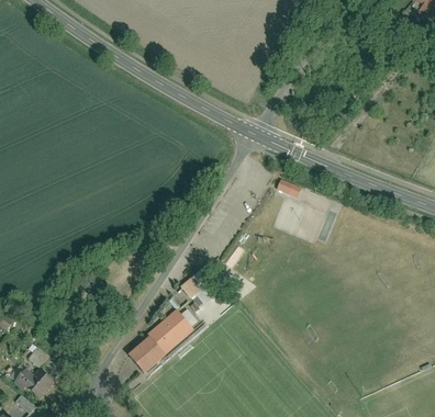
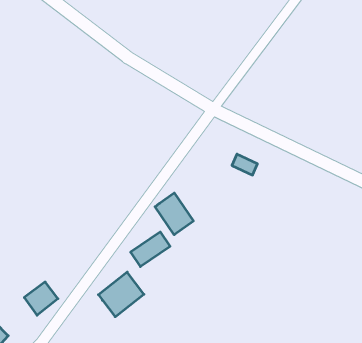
building: none -> [155,193,193,235]
building: [131,337,166,372] -> [24,282,58,315]

